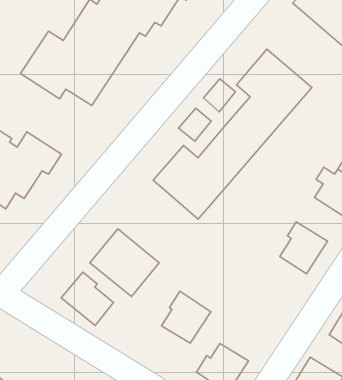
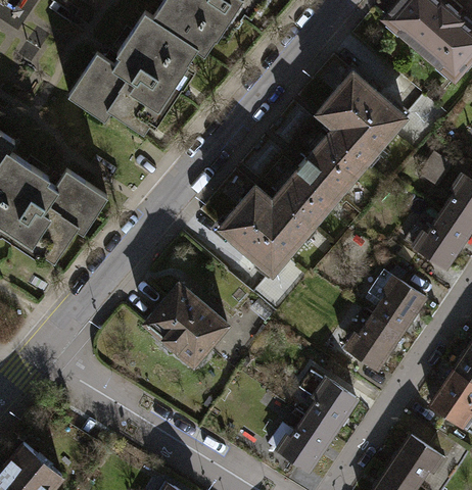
building: none -> [339,316,400,375]
building: [61,272,113,325] -> none
building: [162,291,211,343] -> [298,378,357,439]

